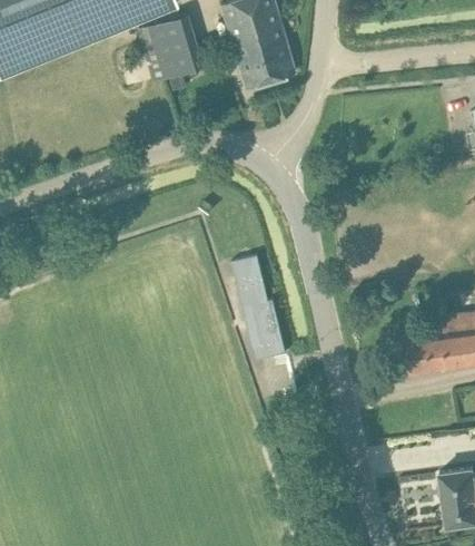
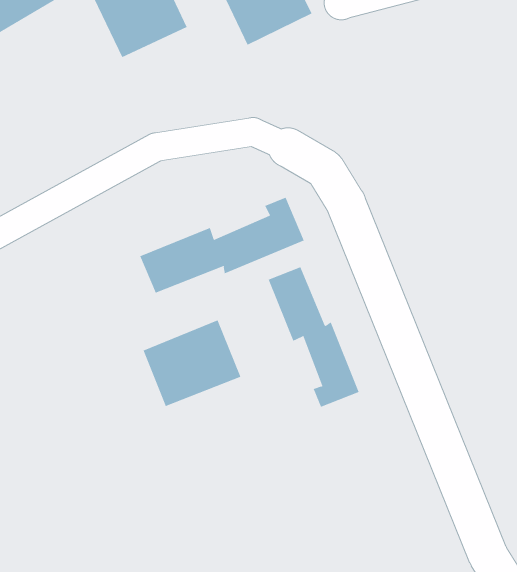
building: none -> [139,197,304,293]
building: none -> [143,319,241,407]

